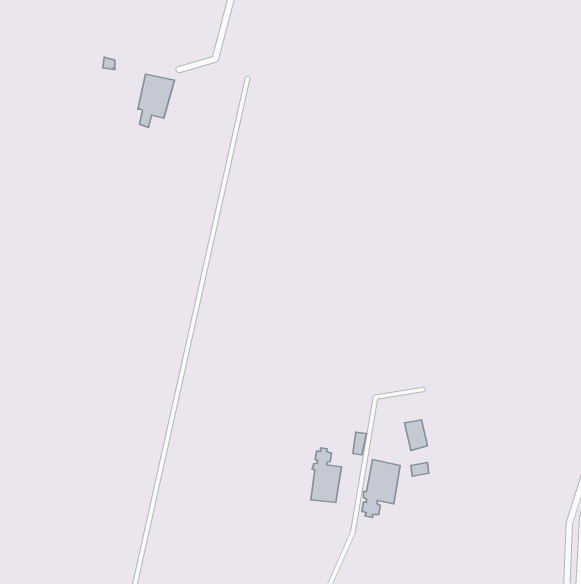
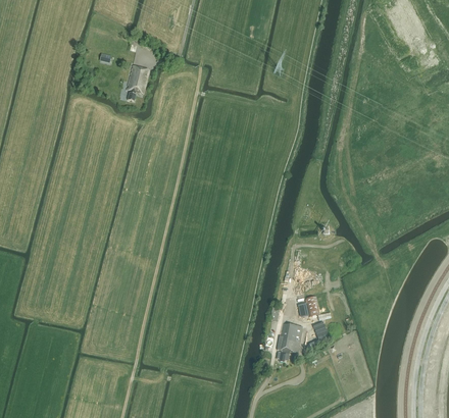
building: [311,448,341,502] -> none

